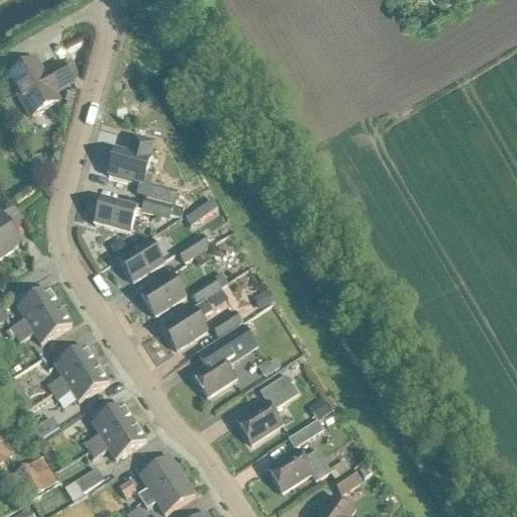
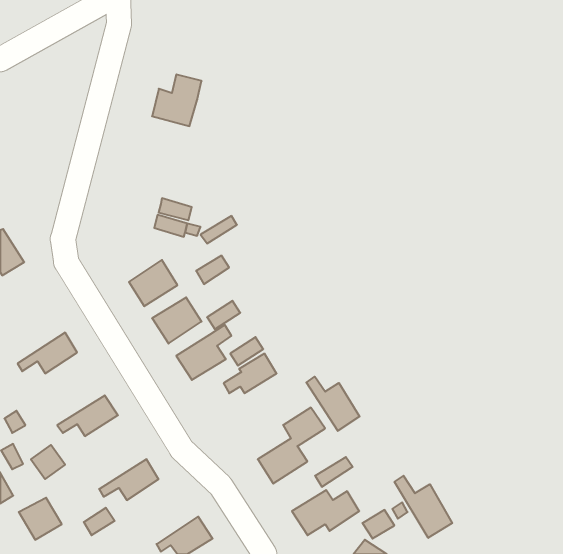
building: [8,58,71,113] -> none
building: [108,133,153,181] -> [152,74,202,126]
building: [94,197,135,231] -> none
building: [11,287,60,333] -> none
building: [48,343,96,390] -> none
building: none -> [306,377,360,431]
building: [192,354,236,397] -> none
building: [87,403,134,448] -> none
building: none -> [395,476,452,538]
building: [139,453,182,499] -> none

